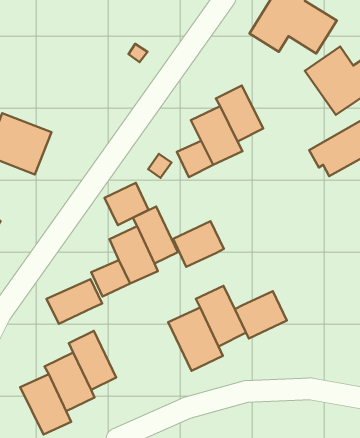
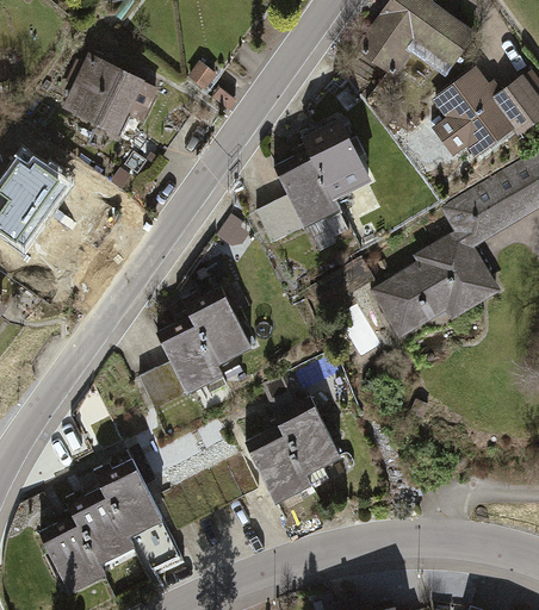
building: none -> [61,52,157,138]
building: none -> [359,229,488,343]
building: [104,183,149,225] -> none
building: [173,221,224,267] -> none
building: [46,279,102,324] -> none
building: [235,291,287,338] -> none

